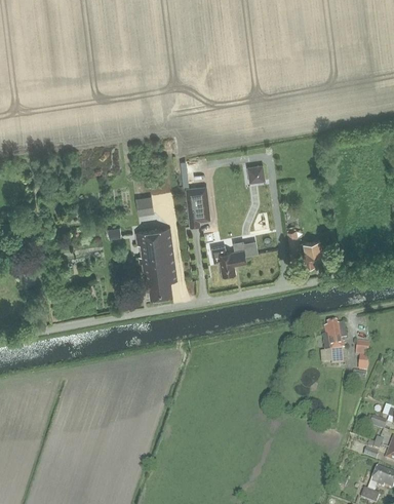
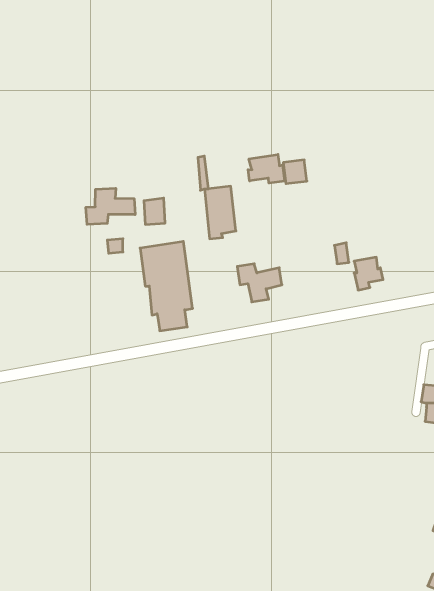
building: none -> [248,154,284,183]
building: none -> [86,188,135,224]
building: [322,320,347,362] -> none

